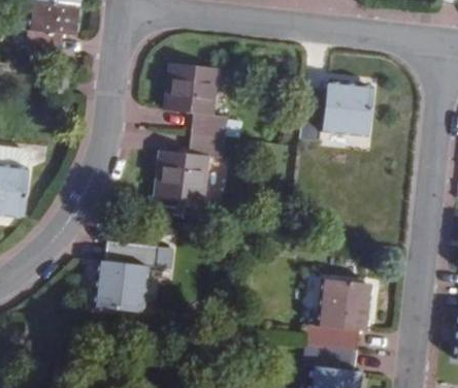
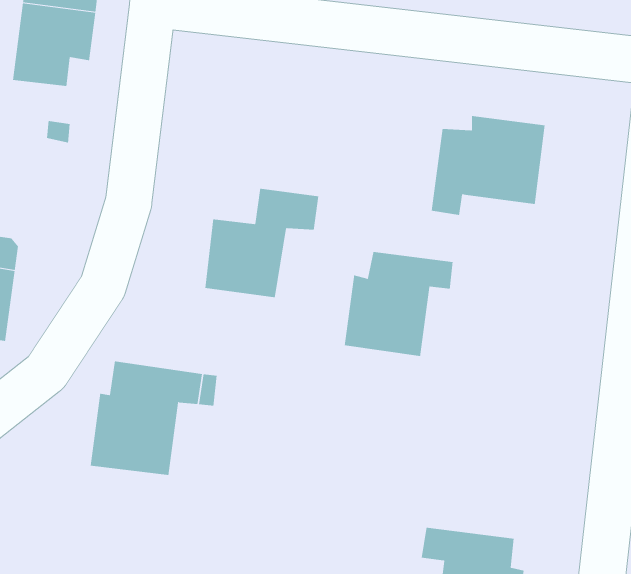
building: [167,64,232,135] -> none
building: none -> [344,251,453,357]
building: [298,279,372,354] -> none

